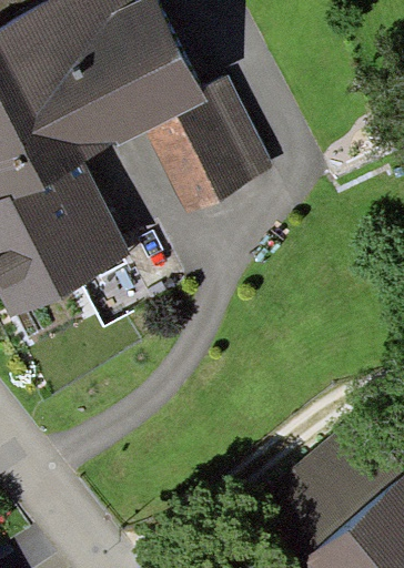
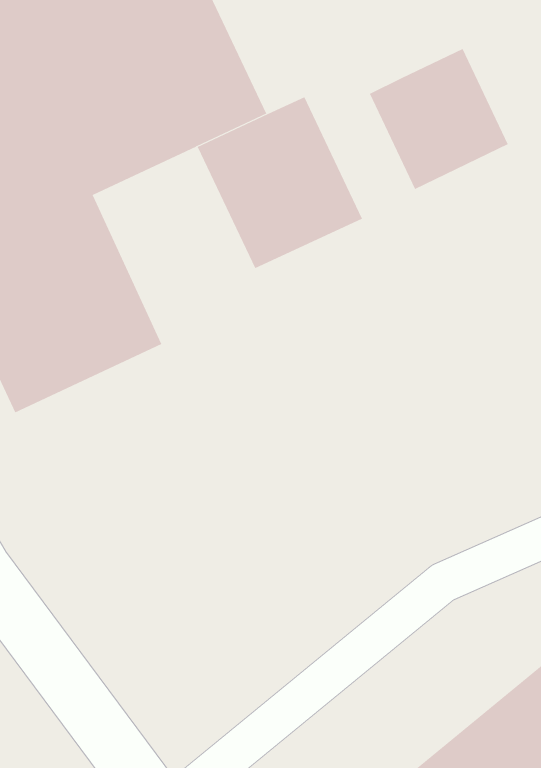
building: none -> [369,48,508,190]

